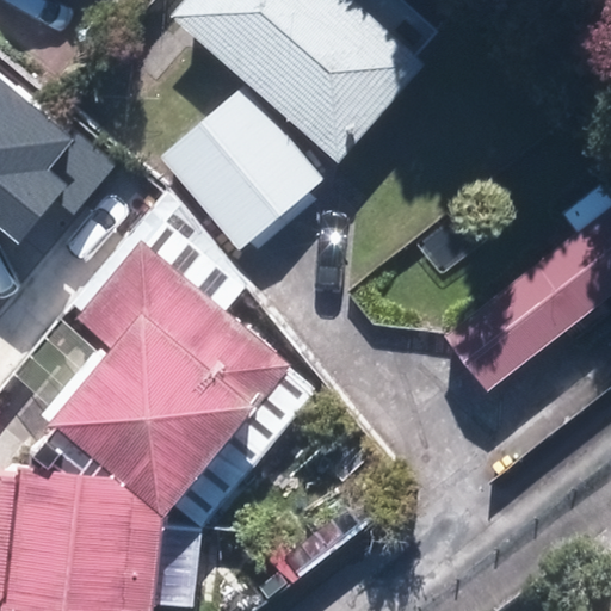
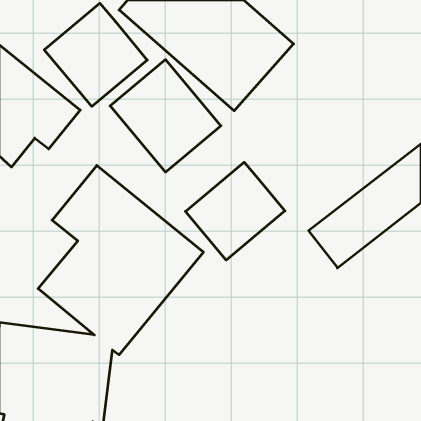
building: none -> [44,3,147,106]
building: none -> [185,162,285,260]

